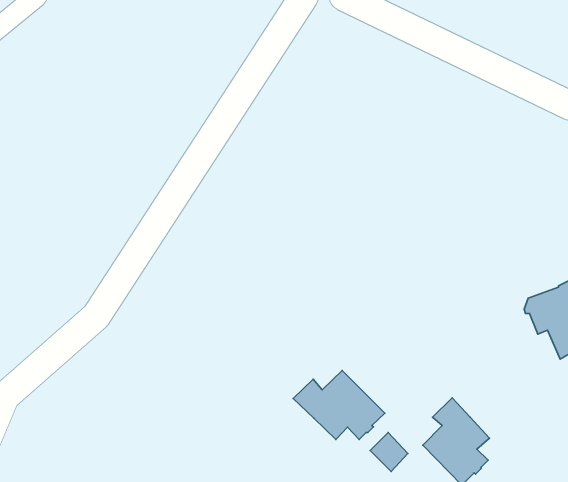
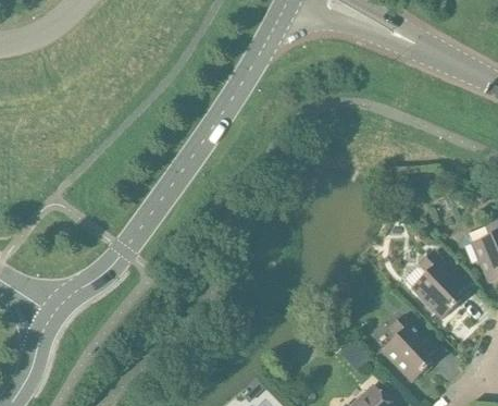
building: none -> [411,251,463,319]
building: [293,370,385,440] -> none

